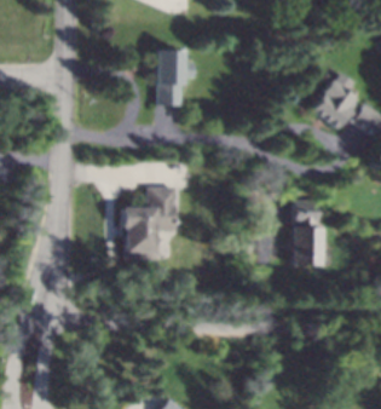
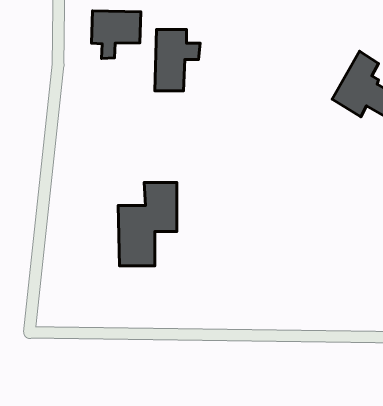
building: none -> [91,11,141,59]
building: [294,201,333,266] -> none

